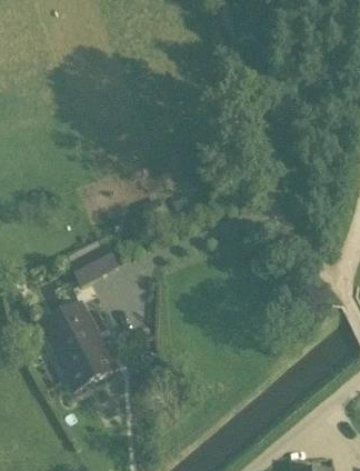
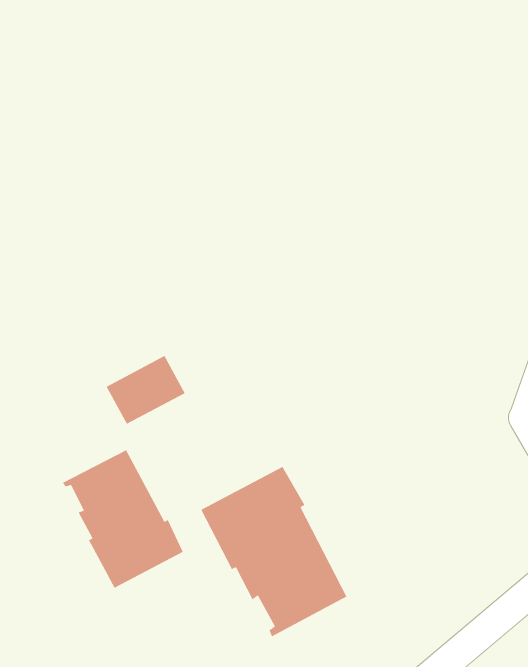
building: none -> [200,466,347,637]

